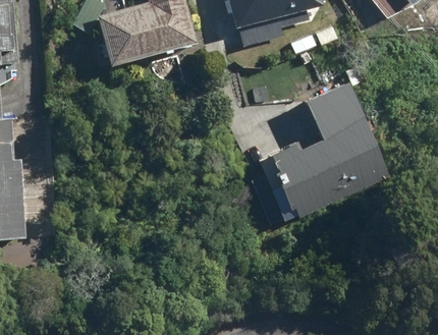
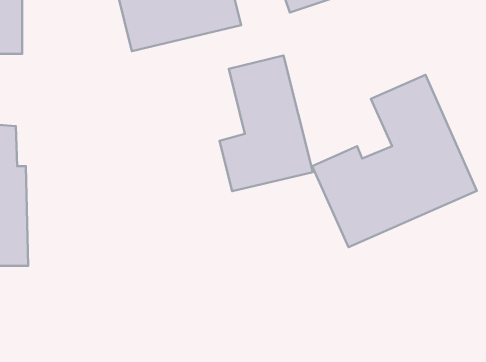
building: none -> [220,55,313,191]

